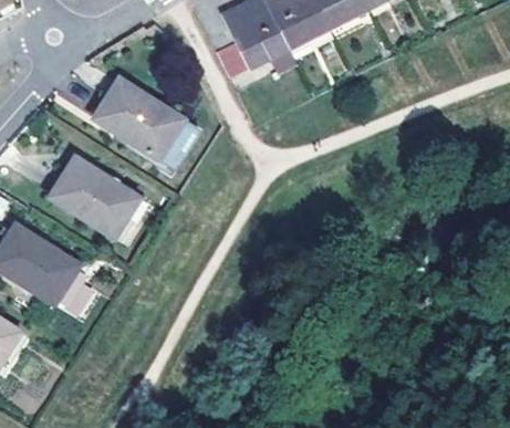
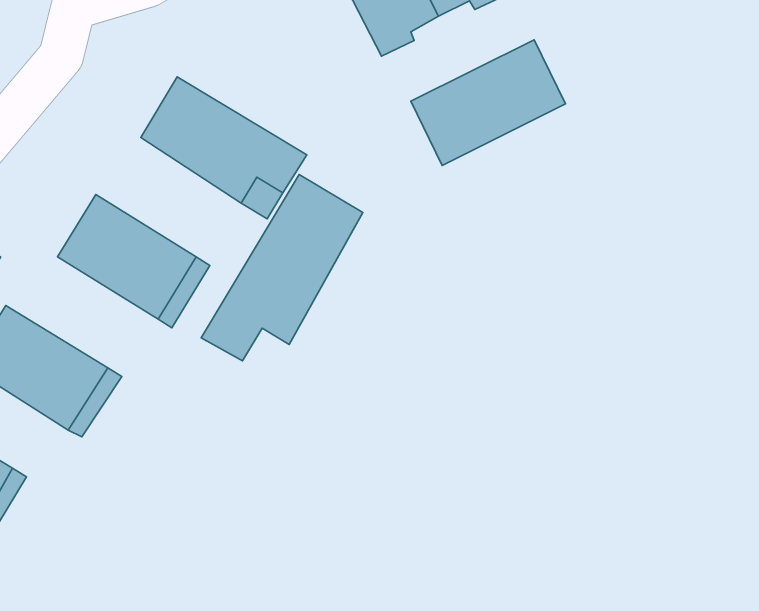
building: none -> [411,40,565,165]
building: none -> [201,174,363,361]

